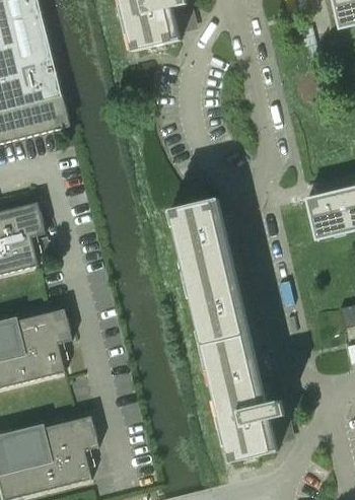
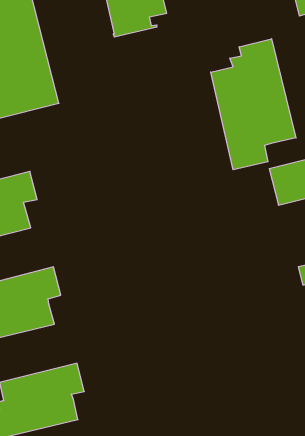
building: none -> [211,39,296,170]
building: [168,197,287,461] -> none

